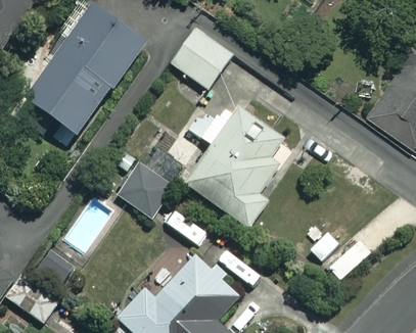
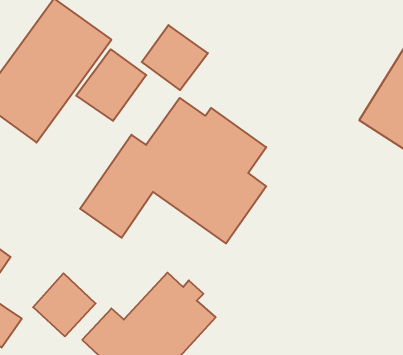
building: none -> [76,49,146,121]
building: none -> [33,273,96,336]

